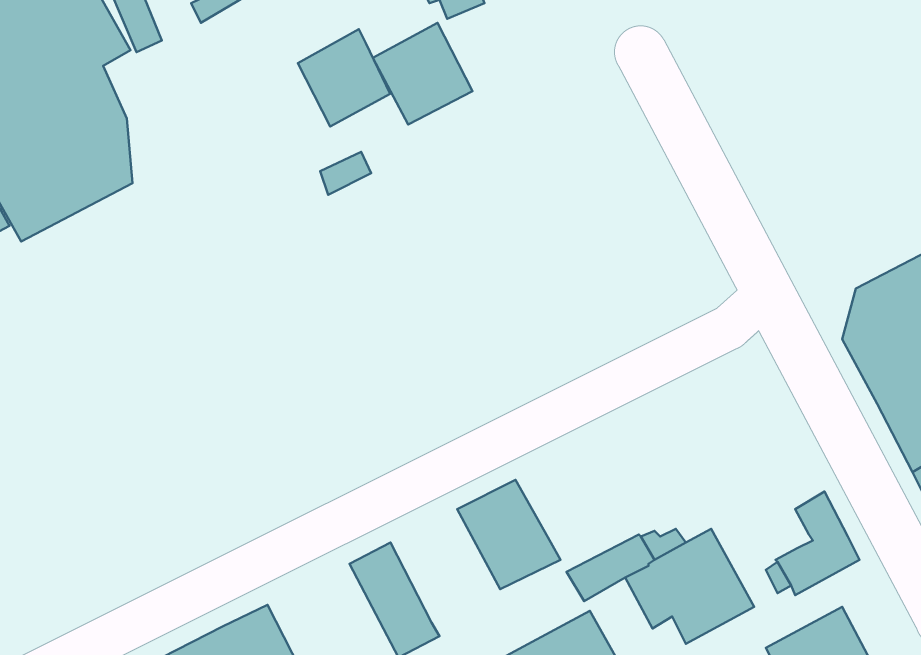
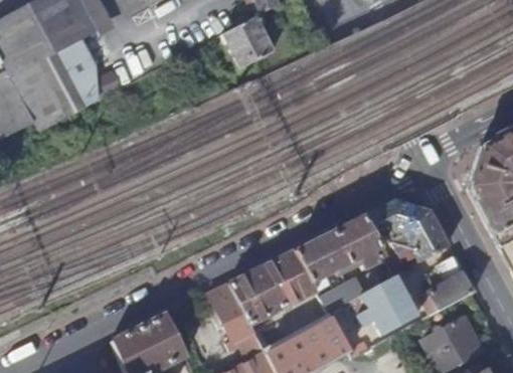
building: [298,29,390,126] -> none
building: none -> [376,200,448,260]
building: none -> [295,216,380,282]
building: none -> [230,264,287,323]

